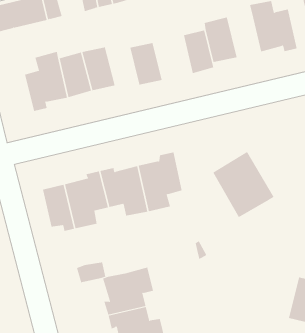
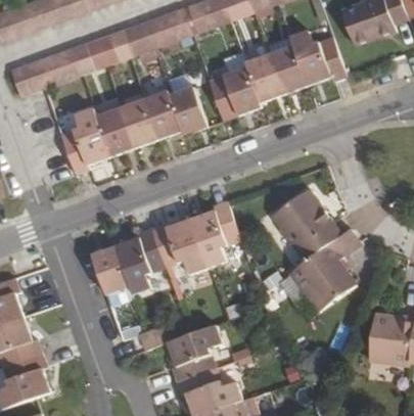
building: none -> [269,45,308,94]
building: none -> [143,90,181,138]
building: none -> [290,230,358,313]

